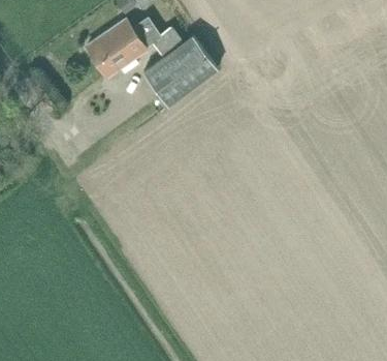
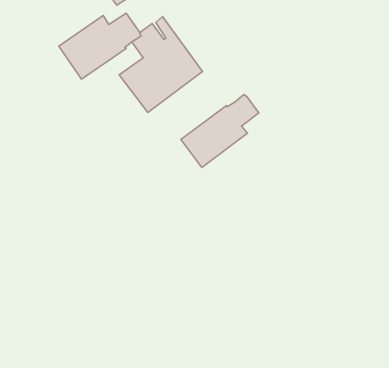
building: none -> [181,95,259,167]

